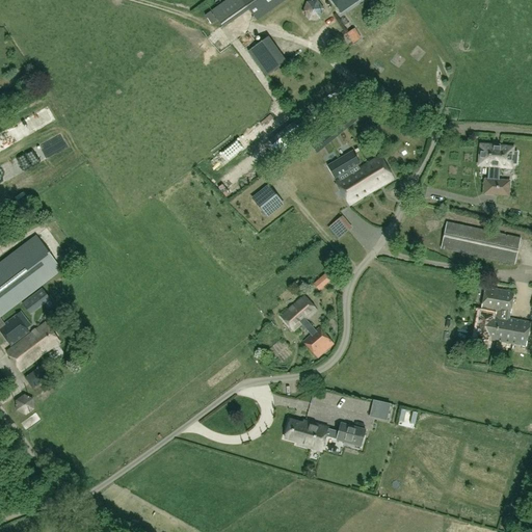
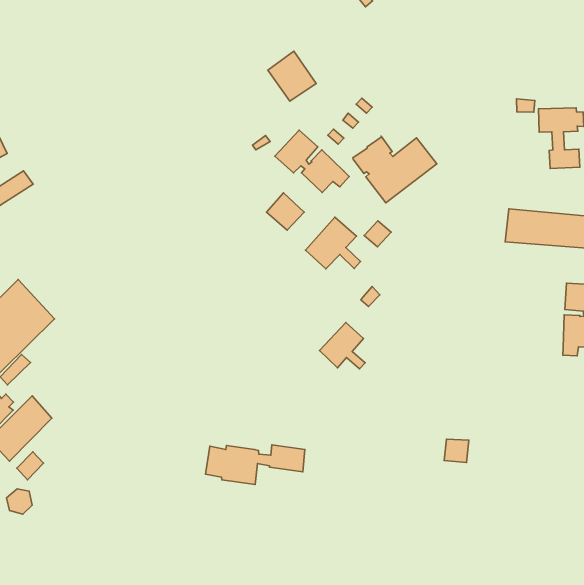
building: [248,37,286,77] -> [268,51,316,101]
building: none -> [275,130,349,192]
building: none -> [306,217,360,269]
building: [303,325,334,356] -> none
building: [284,416,366,451] -> [206,445,305,485]

